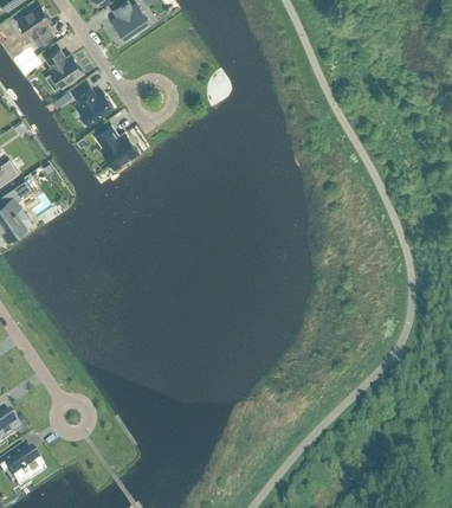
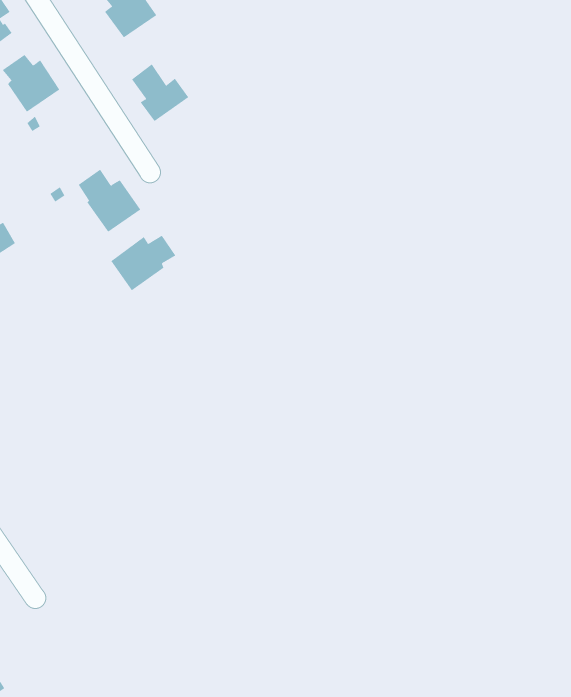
building: [73,83,112,122] -> [131,64,189,122]
building: none -> [110,235,176,291]

